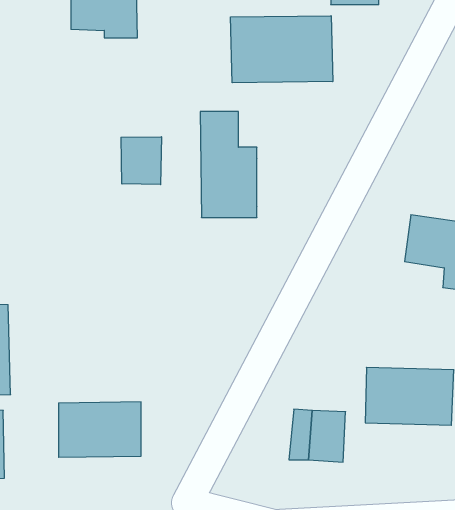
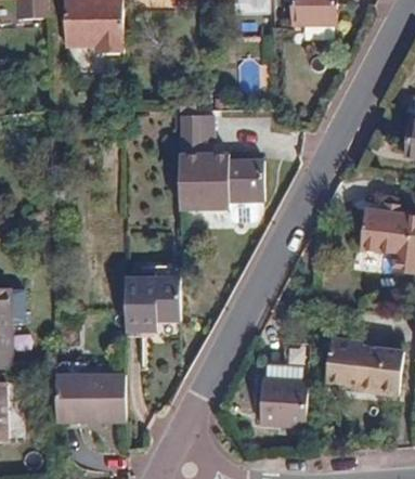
building: [231,16,333,83] -> none
building: [121,137,161,185] -> none
building: none -> [229,159,264,202]
building: none -> [126,267,180,331]

